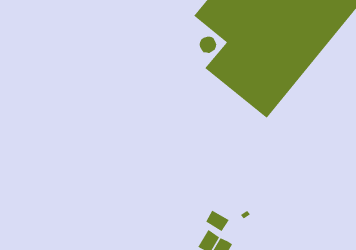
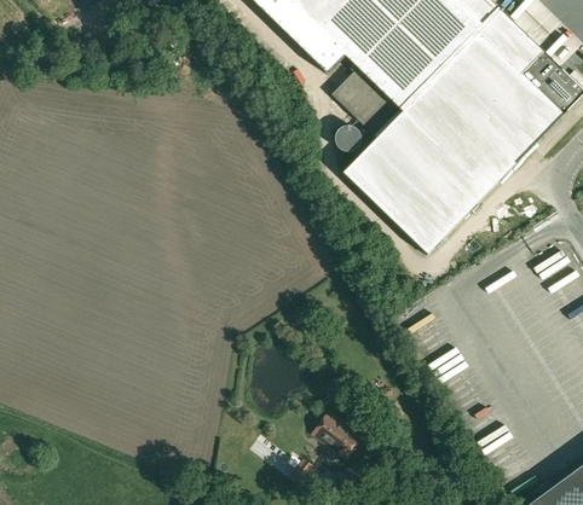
building: [205,209,230,232] -> none

